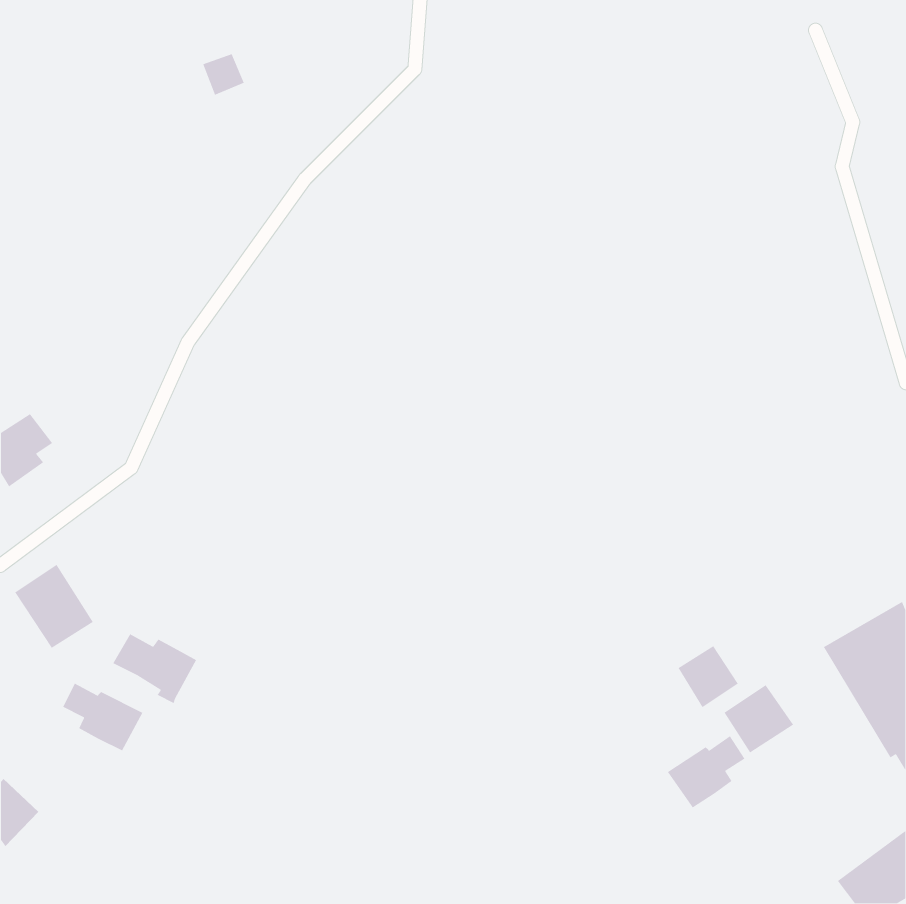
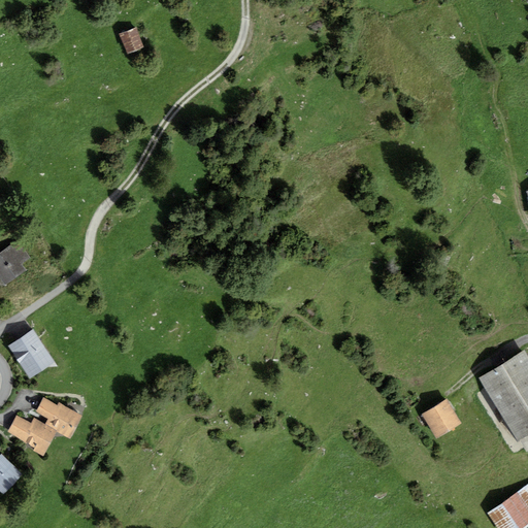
building: [112,633,197,704] -> [7,415,57,456]
building: [677,645,739,708] -> none
building: [667,735,745,808] -> none

